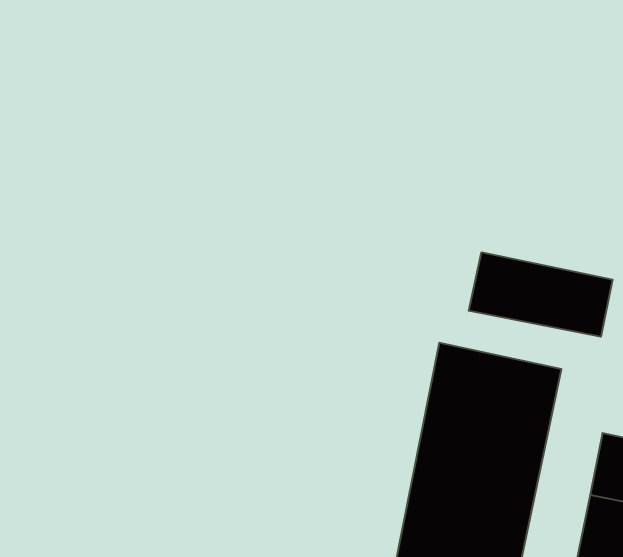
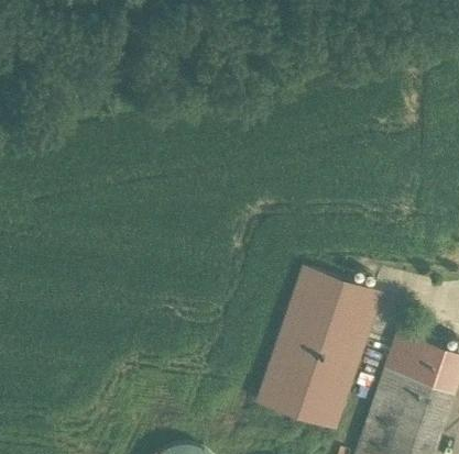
building: [469,252,613,337] -> none

